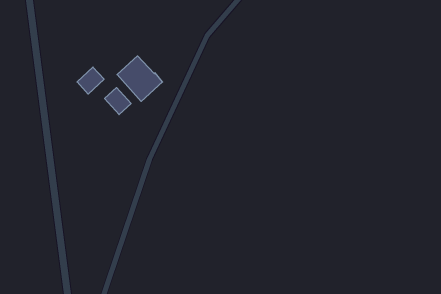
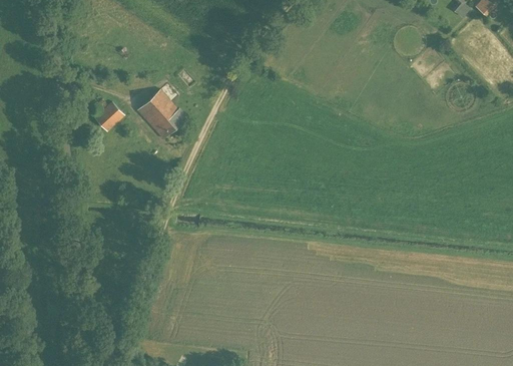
building: [105,88,131,115] -> none

